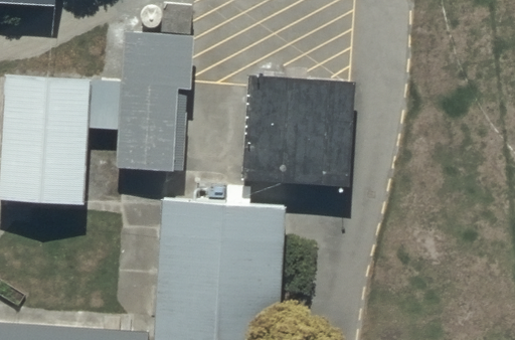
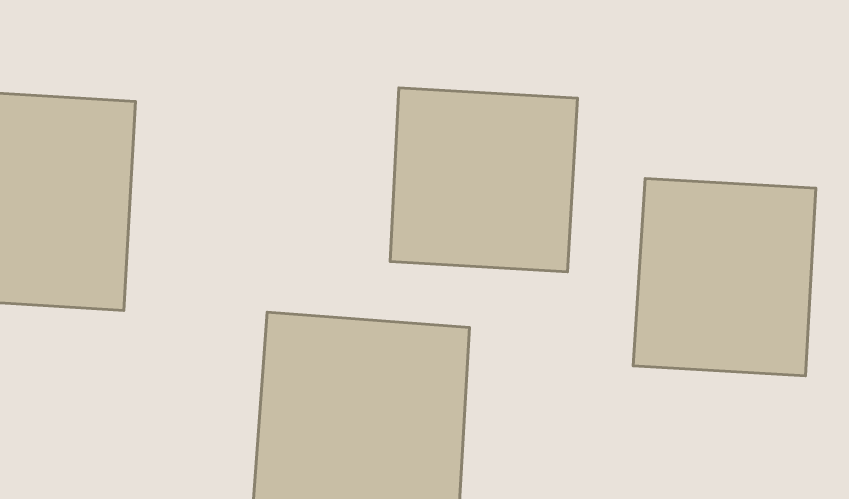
building: [116,32,190,171] -> none
building: none -> [633,178,816,376]

